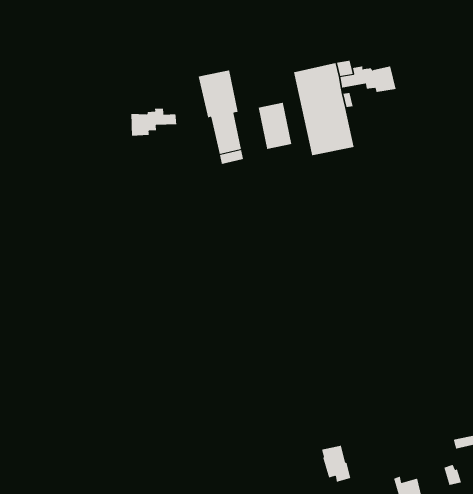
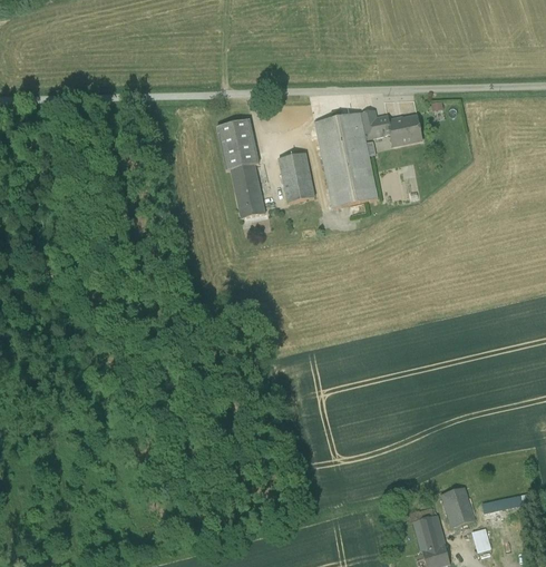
building: [131,108,177,136] -> none
building: none -> [440,487,475,526]
building: [321,445,351,483] -> [412,508,443,547]

